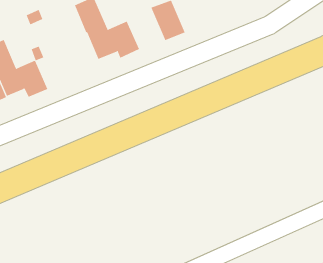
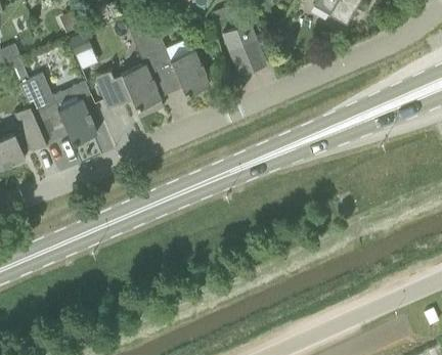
building: none -> [95,64,164,117]

